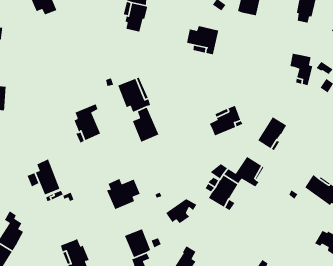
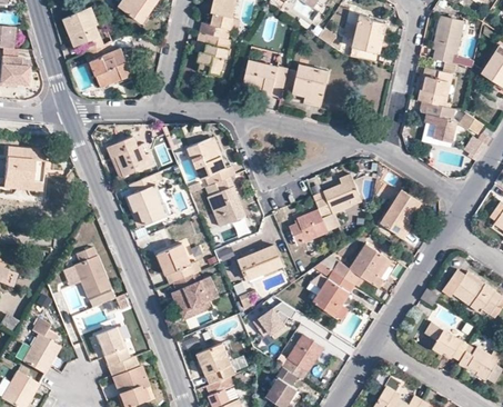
building: none -> [90,48,131,86]
building: none -> [243,60,286,96]
building: none -> [418,67,452,106]
building: none -> [108,136,152,176]
building: none -> [289,208,326,244]
building: none -> [157,242,194,284]
building: none -> [238,244,282,279]
building: none -> [424,321,469,360]
building: none -> [97,328,129,366]
building: none -> [282,334,323,378]

